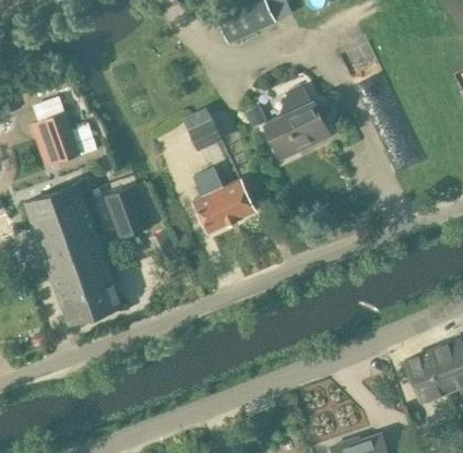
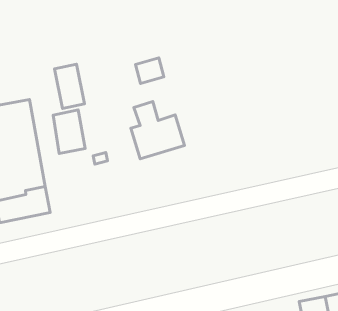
building: [265,85,330,156] -> none
building: [41,111,80,162] -> [55,64,84,109]

